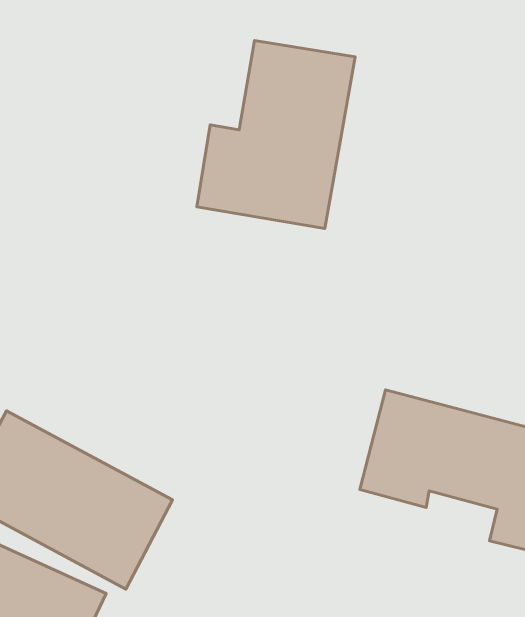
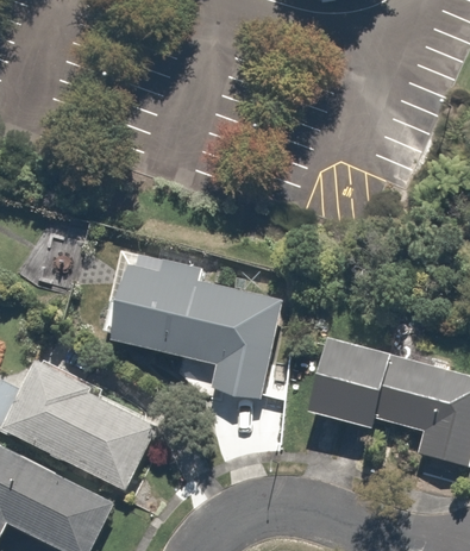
building: [197,40,355,229] -> none
building: none -> [108,273,276,403]

